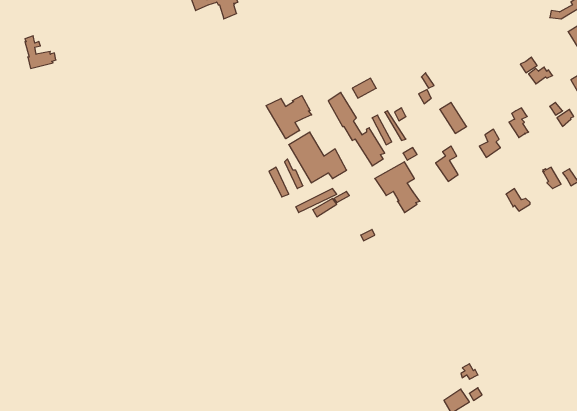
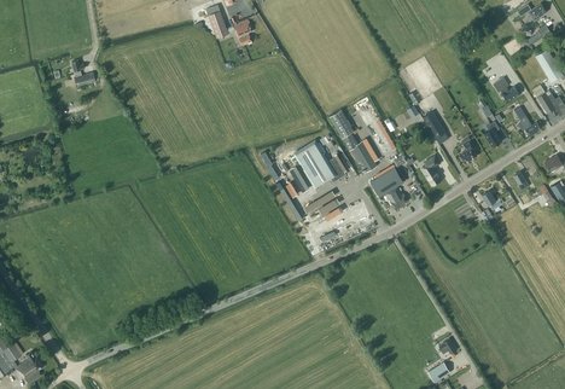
building: [266,96,312,139] -> none

